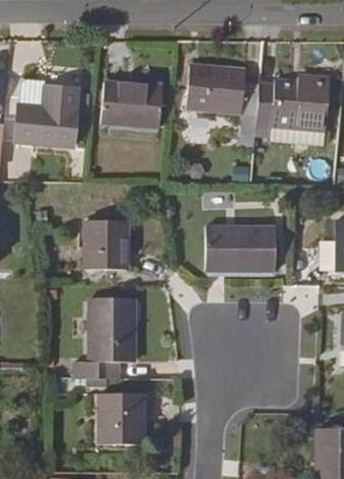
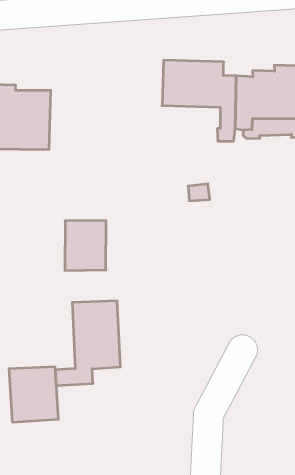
building: [102,84,165,129] -> none
building: [207,229,273,274] -> none
building: [98,389,143,440] -> [9,367,58,422]

